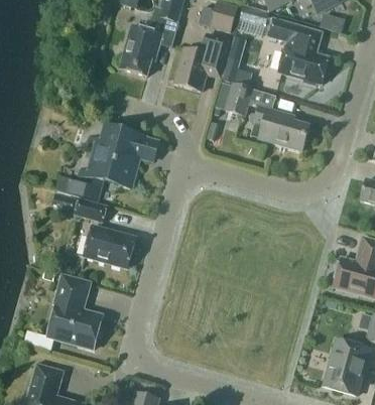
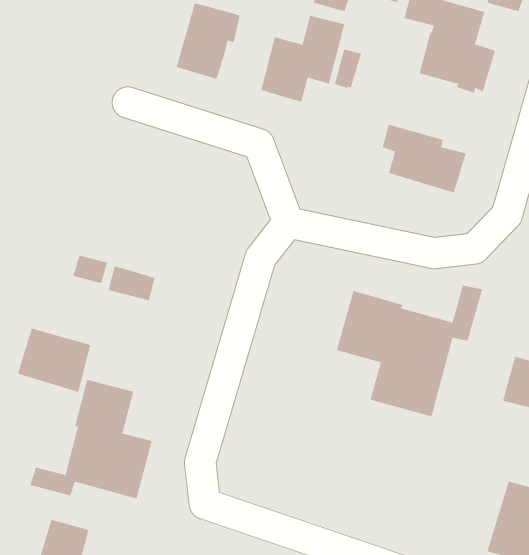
building: [224,82,253,116] -> none
building: [70,126,157,198] -> none
building: none -> [336,285,483,417]
building: [84,225,132,267] -> [17,328,91,392]

